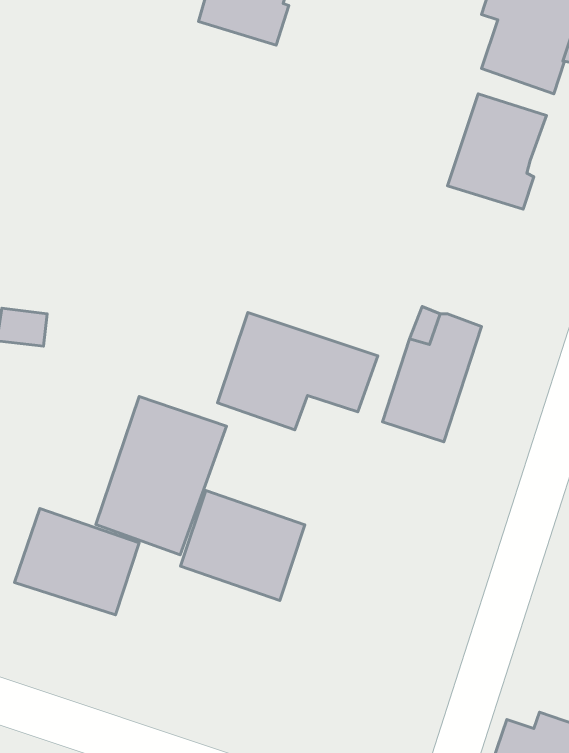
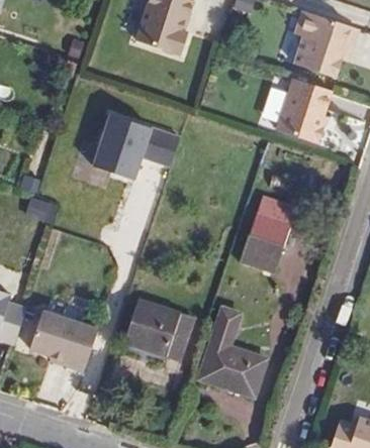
building: [217,313,378,430] -> [92,110,182,176]
building: [96,396,227,555] -> none
building: none -> [198,307,268,397]

